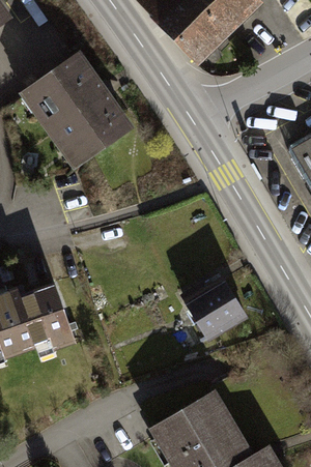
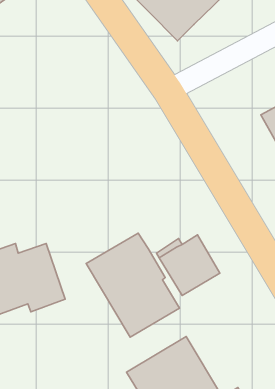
building: [20,54,134,173] -> none
building: none -> [86,233,179,337]

